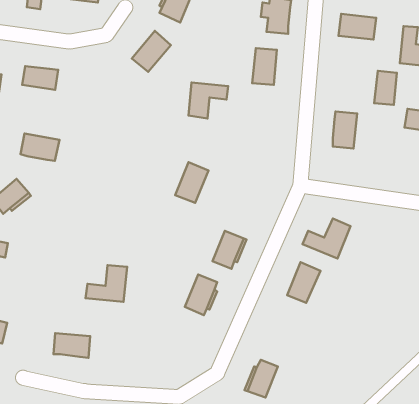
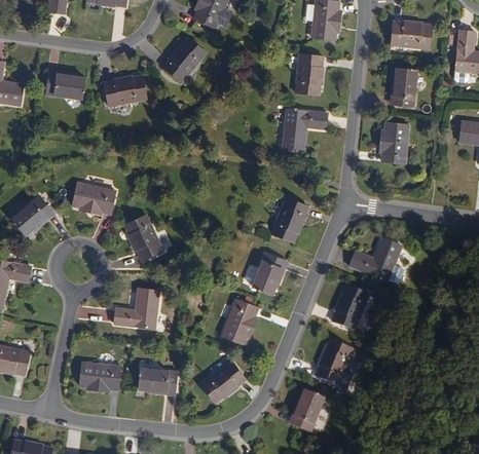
building: none -> [105,74,147,106]
building: [374,71,397,105] -> [393,68,417,105]
building: [189,83,228,119] -> [284,110,327,149]
building: [21,133,59,161] -> [72,184,114,214]
building: [175,162,208,203] -> [271,197,307,241]
building: none -> [124,216,161,261]
building: none -> [316,341,352,386]
building: none -> [200,361,246,403]
building: none -> [139,369,177,392]

